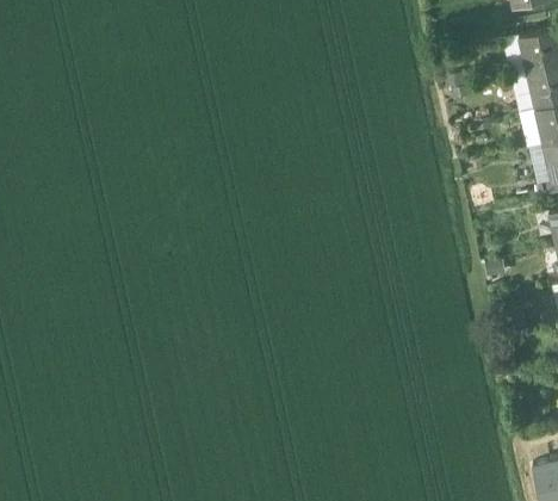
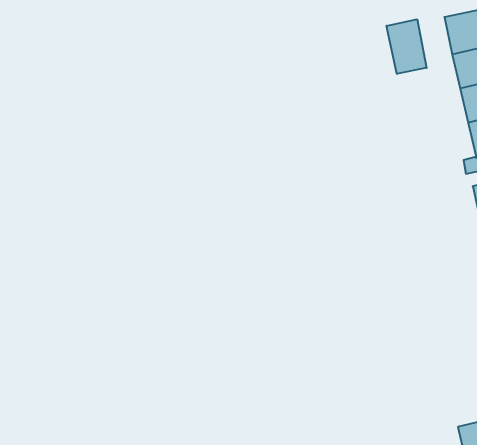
building: none -> [387,19,427,74]

